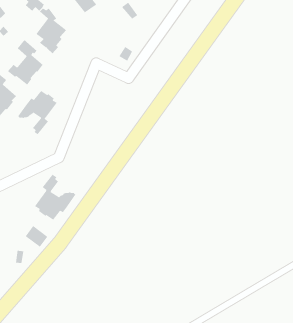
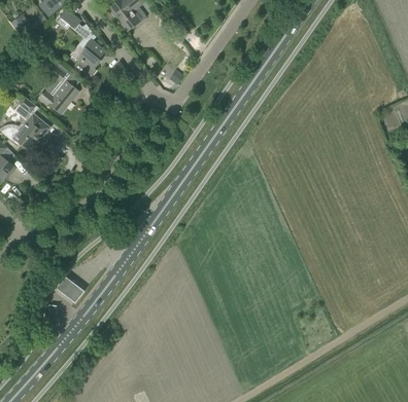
building: [17,90,58,135] -> none
building: [34,174,77,220] -> none

